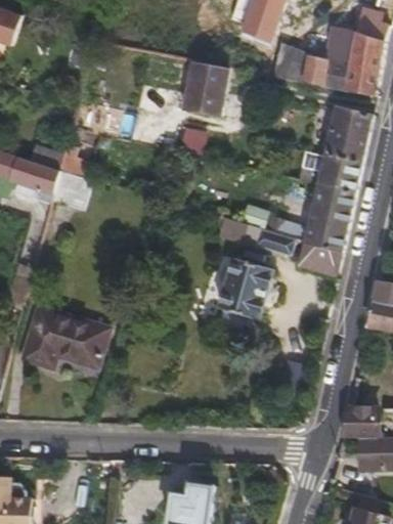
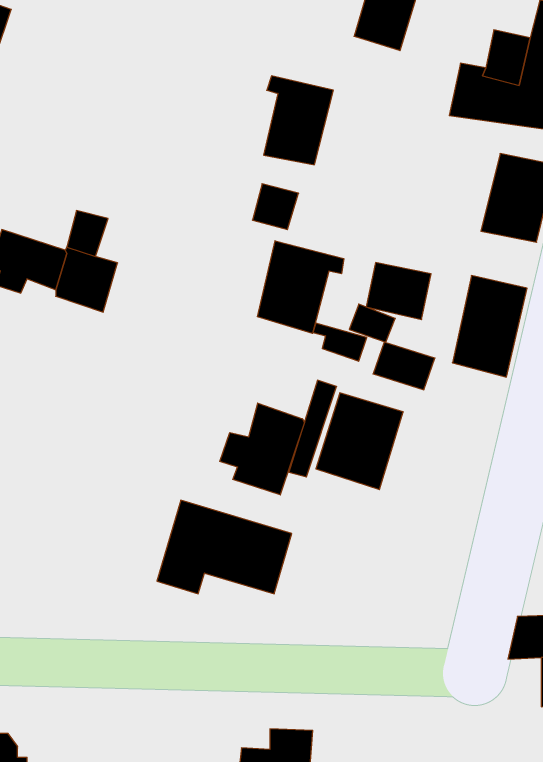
building: [272,42,310,83] -> none
building: [317,158,359,194] -> [366,263,431,320]
building: none -> [257,241,344,333]
building: [300,243,340,274] -> none
building: none -> [220,403,304,495]
building: [19,307,106,367] -> [157,500,292,594]

